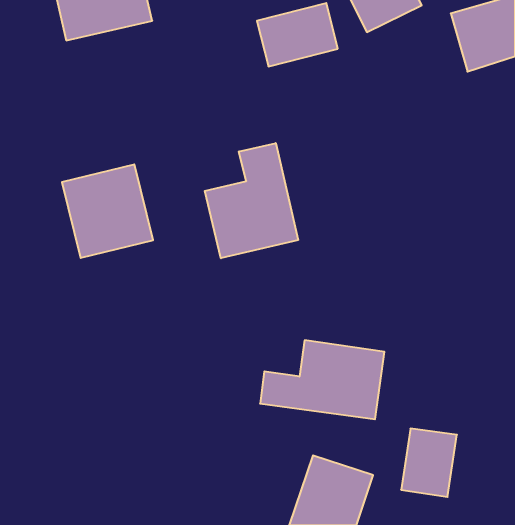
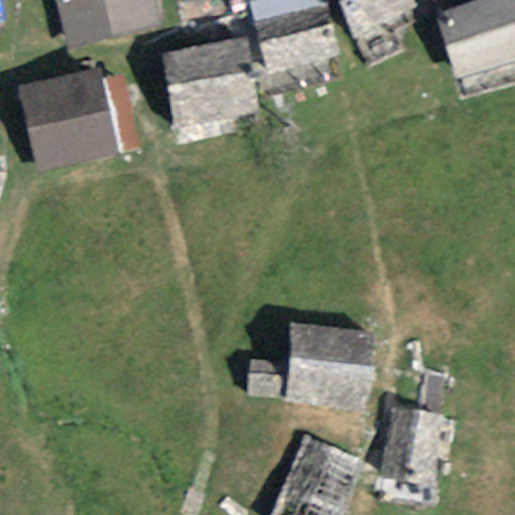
building: none -> [158,39,252,123]
building: [205,143,298,258] -> none
building: [62,164,153,258] -> [19,74,108,165]

